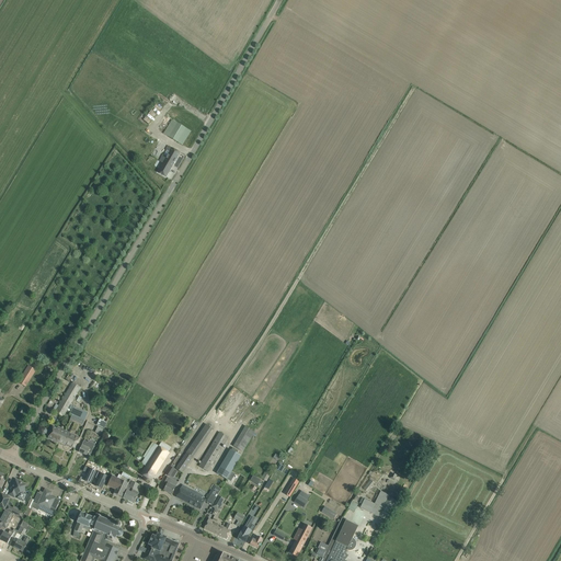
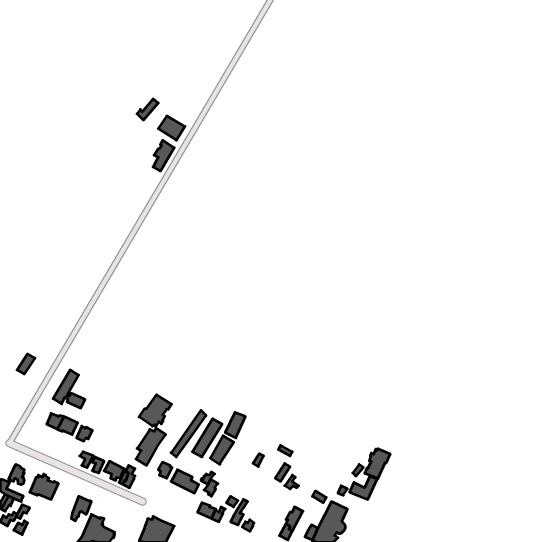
building: none -> [139,395,172,427]
building: none -> [365,449,390,479]
building: [90,513,123,542] -> none

